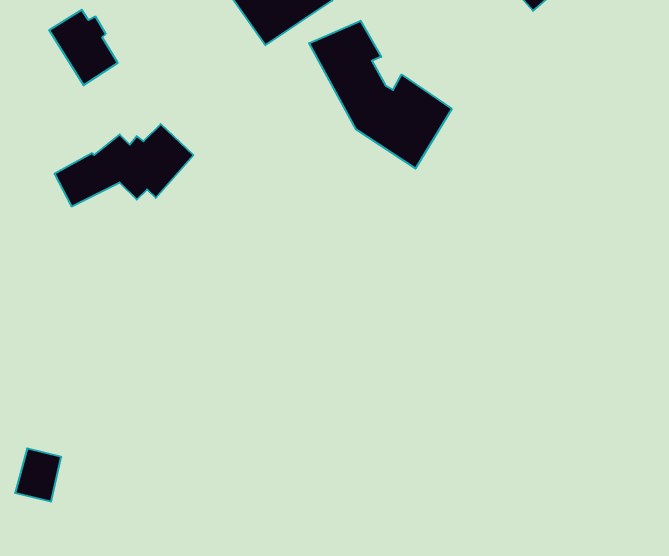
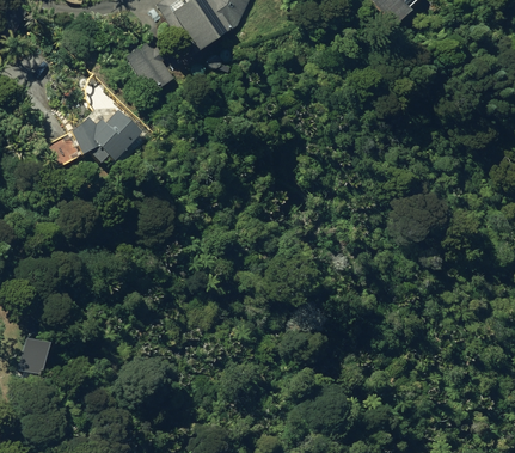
building: [49,10,118,85] -> [128,39,176,92]
building: [309,21,452,169] -> none

